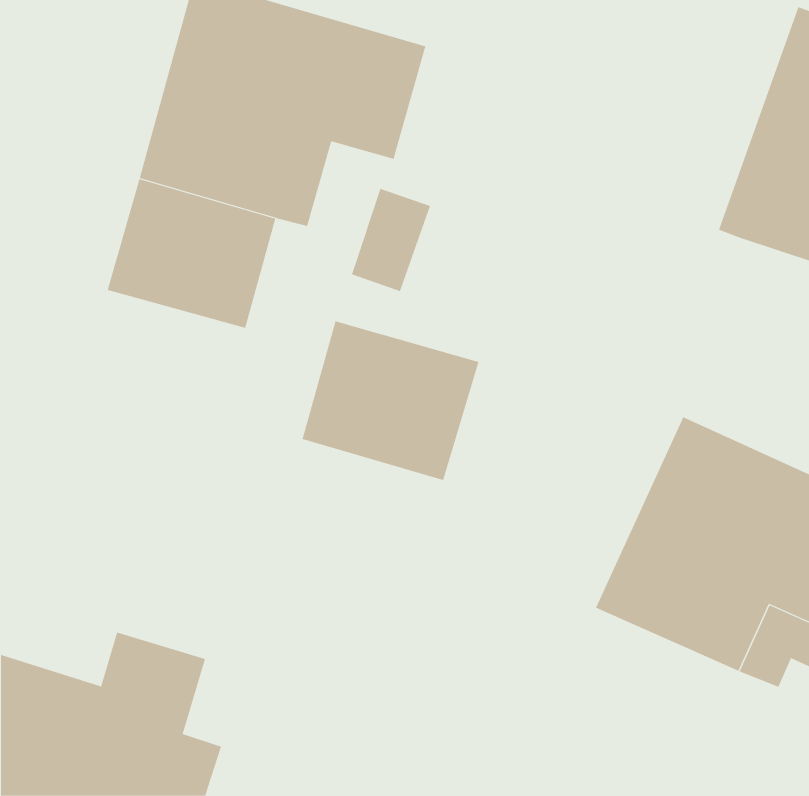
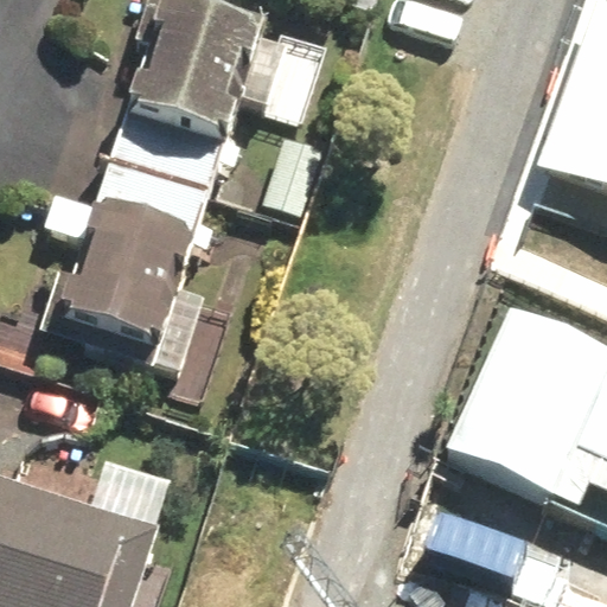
building: none -> [28,202,228,385]
building: [302,320,479,481] -> none

